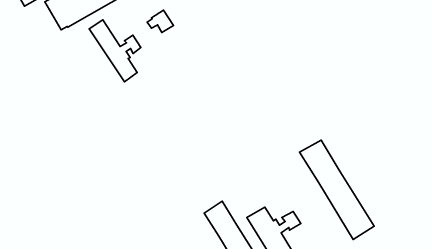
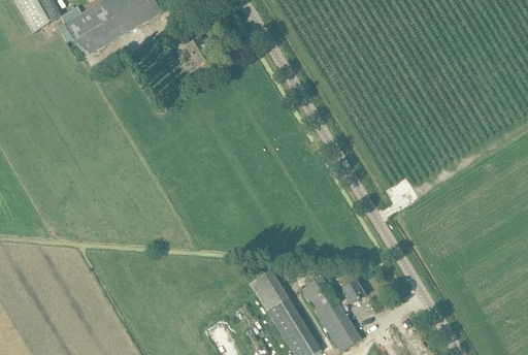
building: [89,20,141,82] -> none
building: [300,140,374,240] -> none

